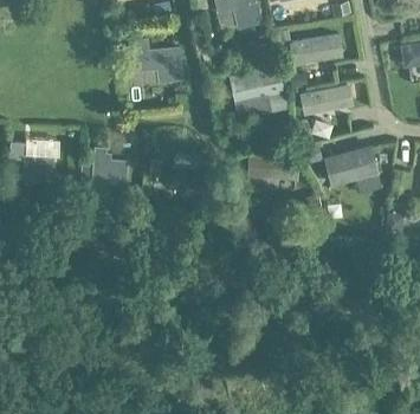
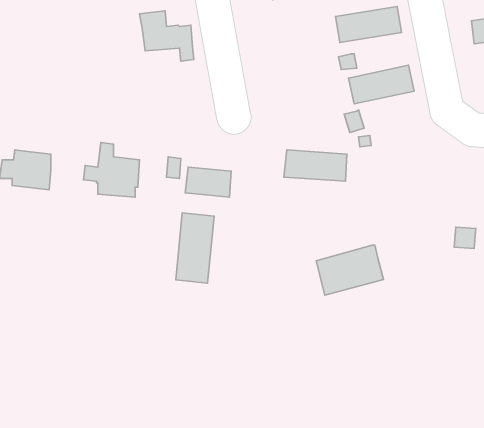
building: [228,65,287,111] -> none
building: [323,145,379,187] -> [316,245,384,295]
building: none -> [176,213,214,283]

